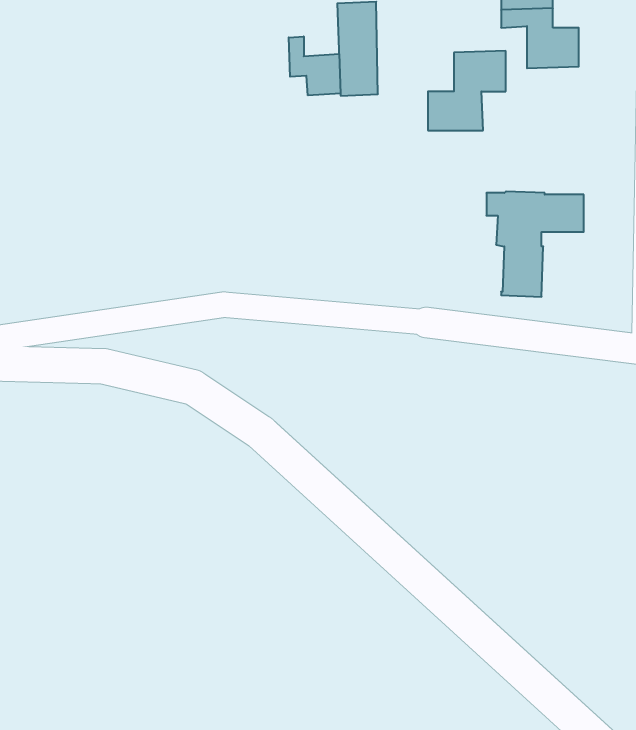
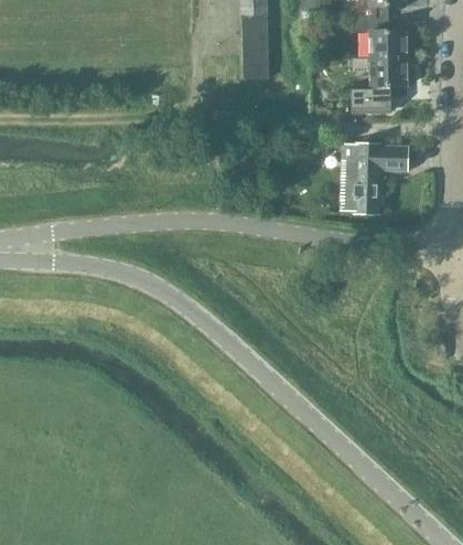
building: [289,36,340,95] -> none
building: [428,51,506,130] -> [353,58,406,113]

